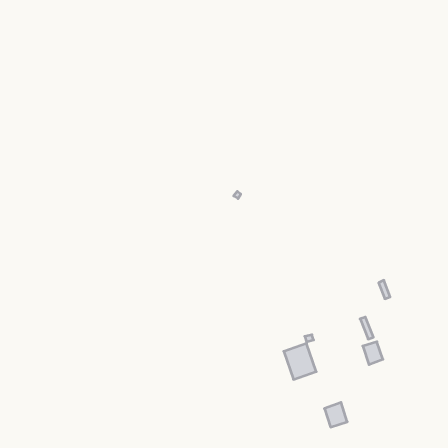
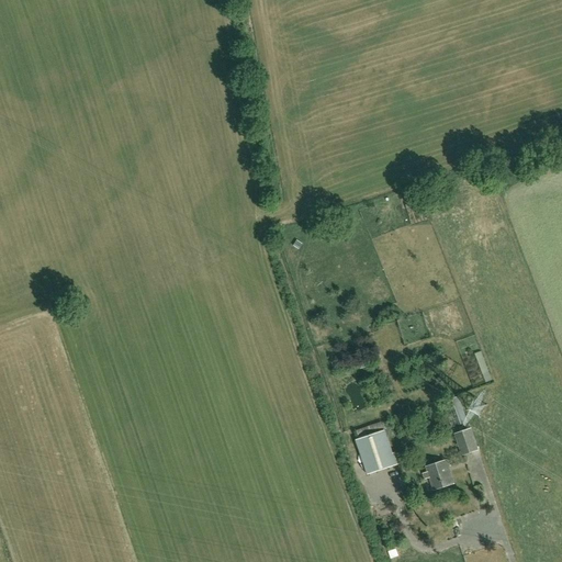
building: [324,402,347,427] -> [425,459,453,490]

